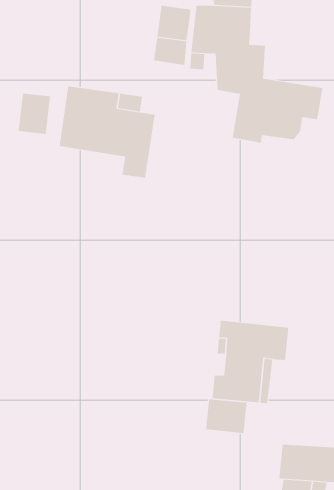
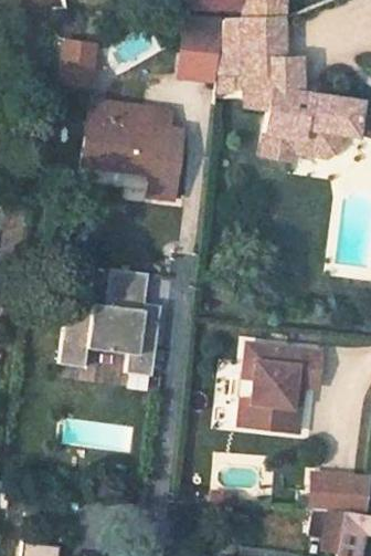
building: [18,93,51,134] -> [56,41,91,84]
building: none -> [59,270,161,377]
building: [206,398,247,434] -> none

